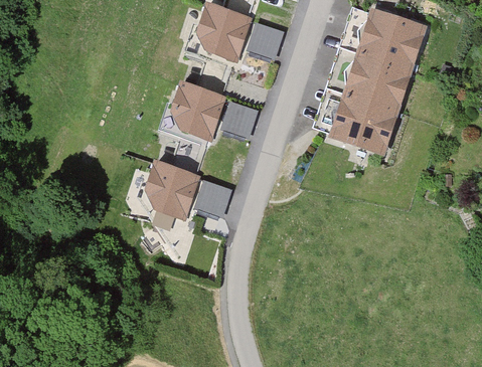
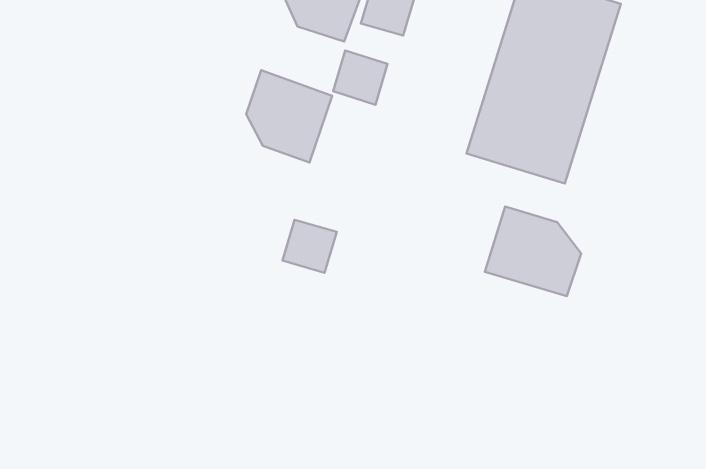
building: [221,102,258,138] -> [333,50,387,105]
building: [145,161,202,221] -> none
building: none -> [485,206,581,296]

